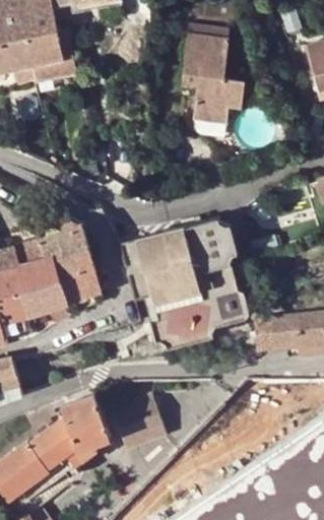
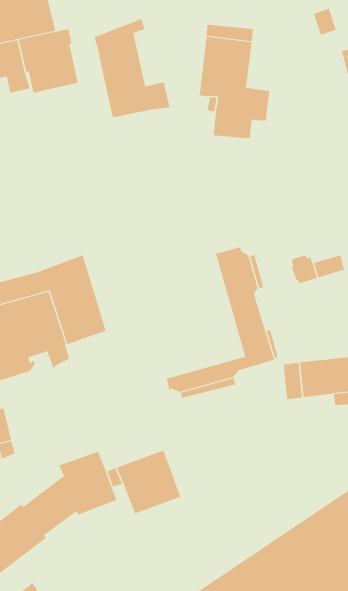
building: none -> [94,18,170,118]
building: [118,224,220,333] -> none

